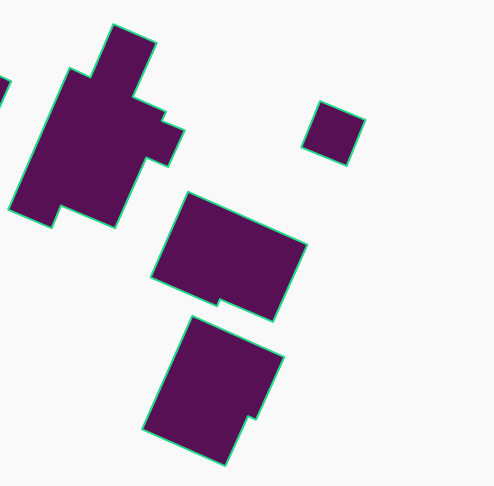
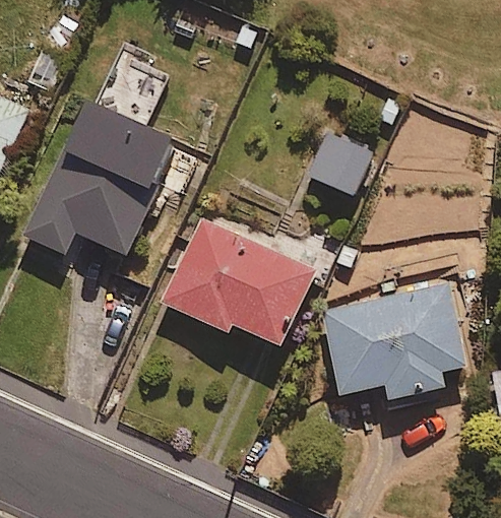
building: none -> [321,281,467,400]
building: [142,316,284,466] -> none

